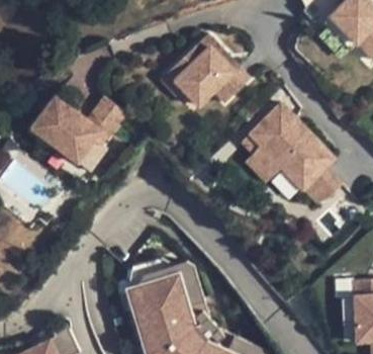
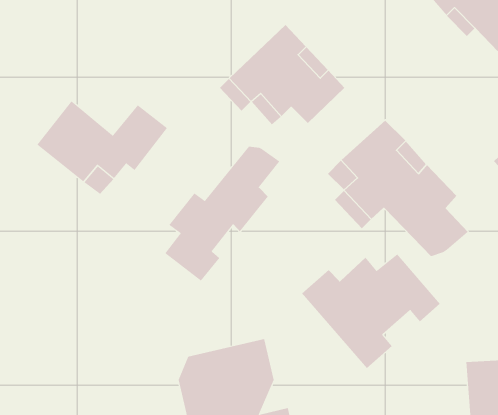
building: none -> [164,146,280,281]
building: none -> [301,253,440,369]

